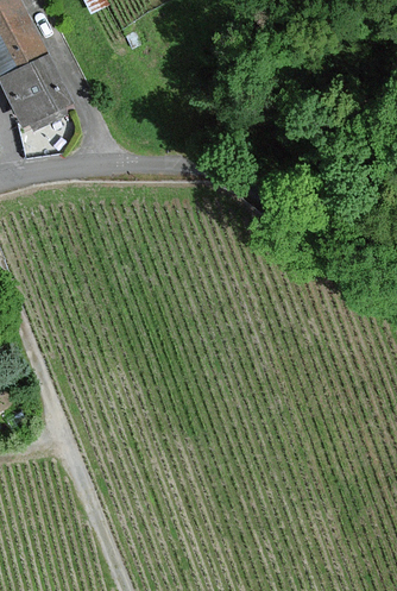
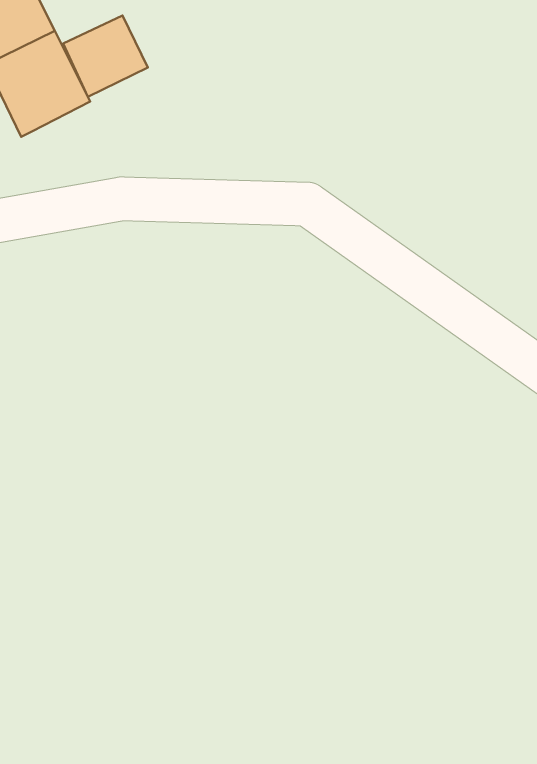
building: none -> [63,15,148,97]

